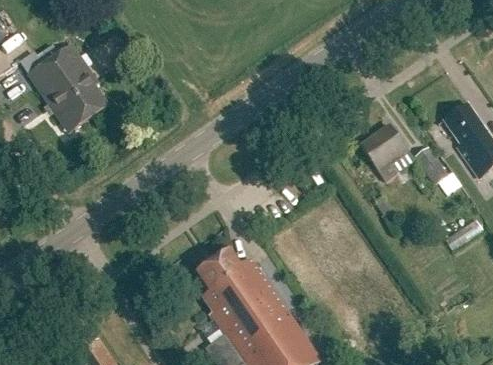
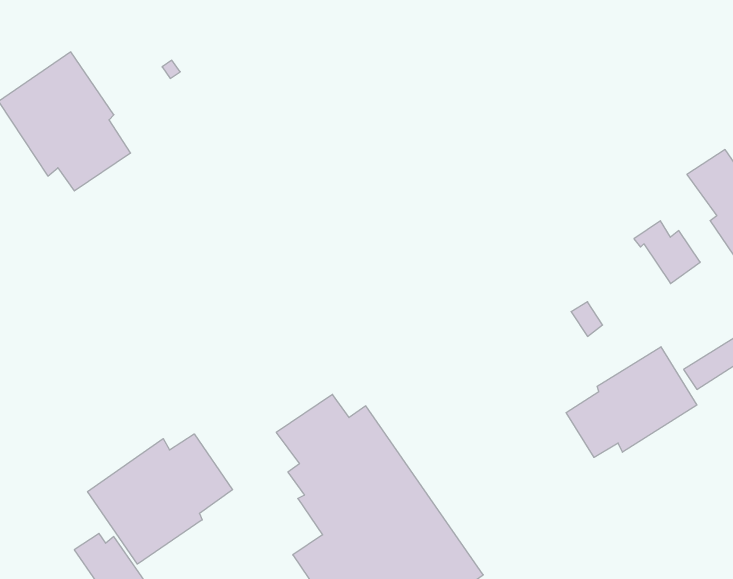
building: [360,123,408,179] -> none
building: none -> [566,347,697,457]
building: none -> [88,434,233,564]

